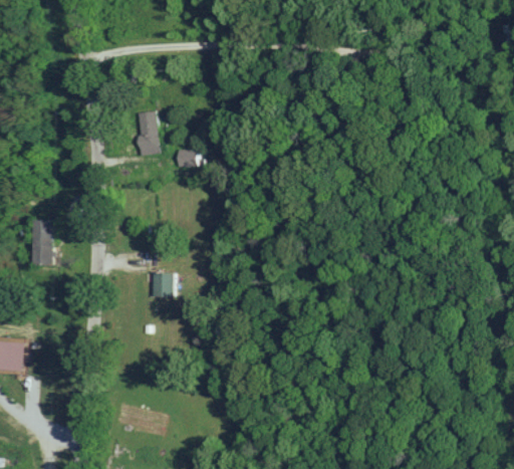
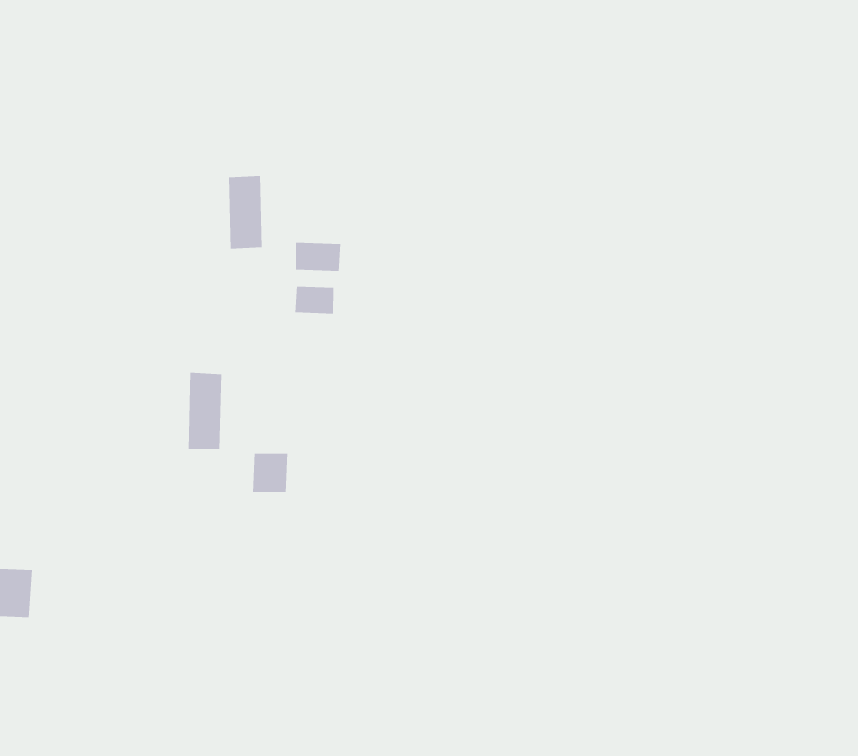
building: none -> [295,286,334,314]
building: [32,220,52,265] -> [188,372,222,449]

